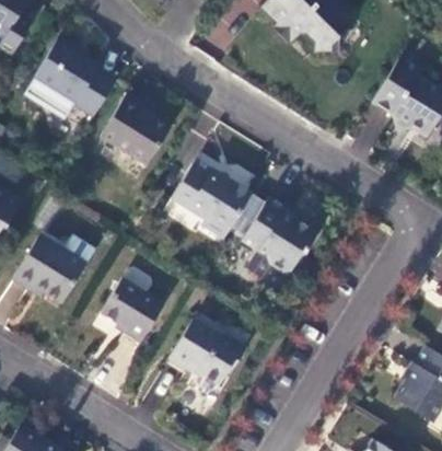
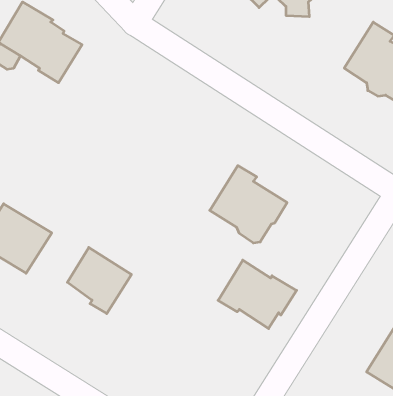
building: [98,93,170,165] -> none
building: [168,158,251,240] -> none
building: [168,317,245,384] -> [218,260,297,329]

